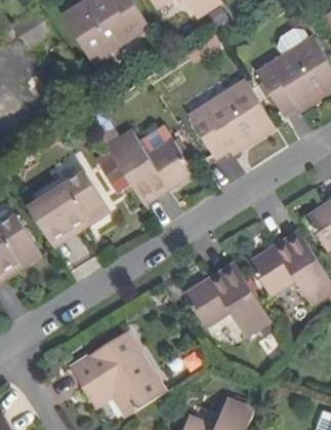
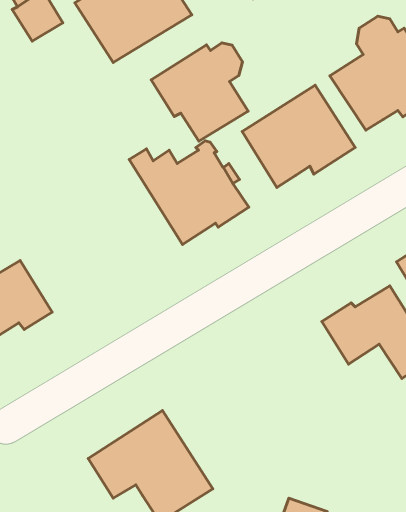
building: none -> [151,43,248,141]
building: [28,173,108,242] -> none
building: [183,268,271,340] -> none

